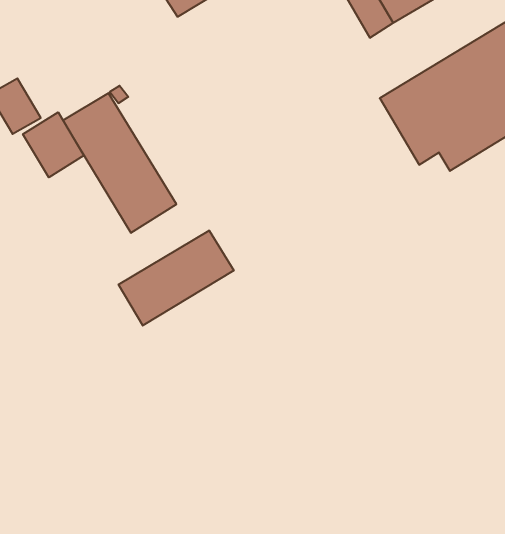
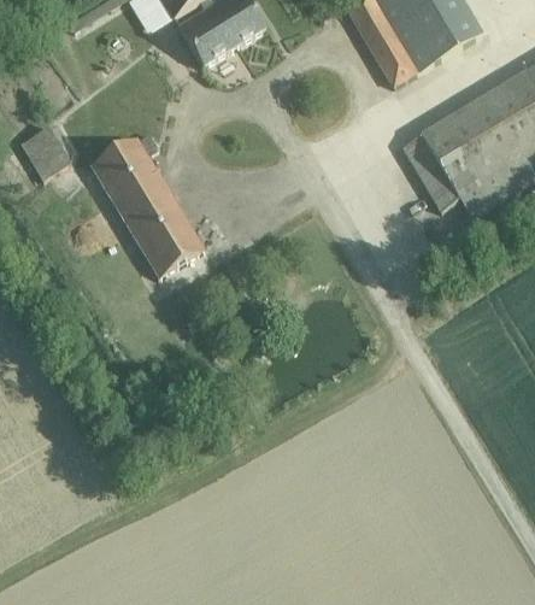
building: [23,112,84,177] -> none
building: [119,230,234,326] -> none

